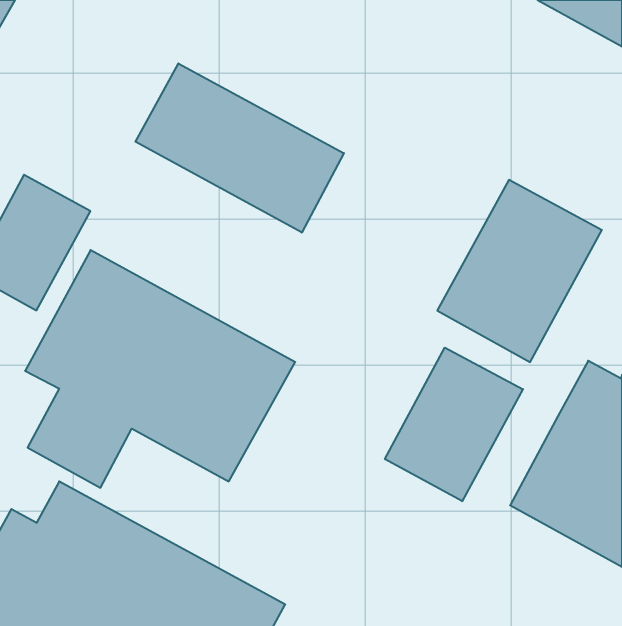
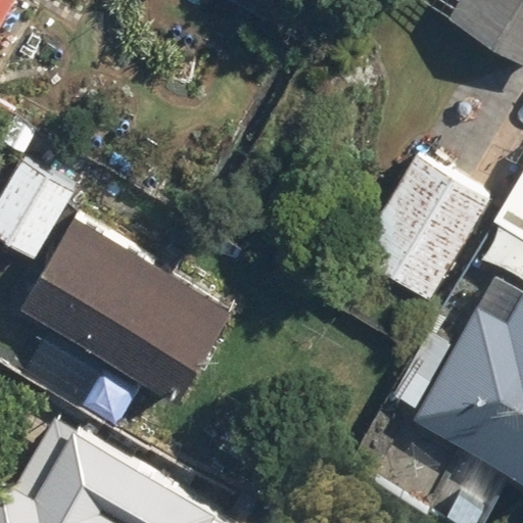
building: [135,63,344,233] -> none
building: [385,348,523,501] -> none

